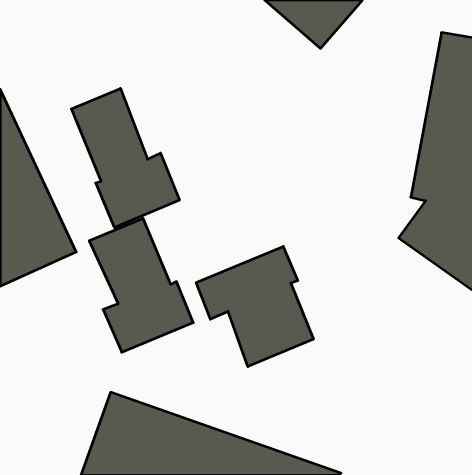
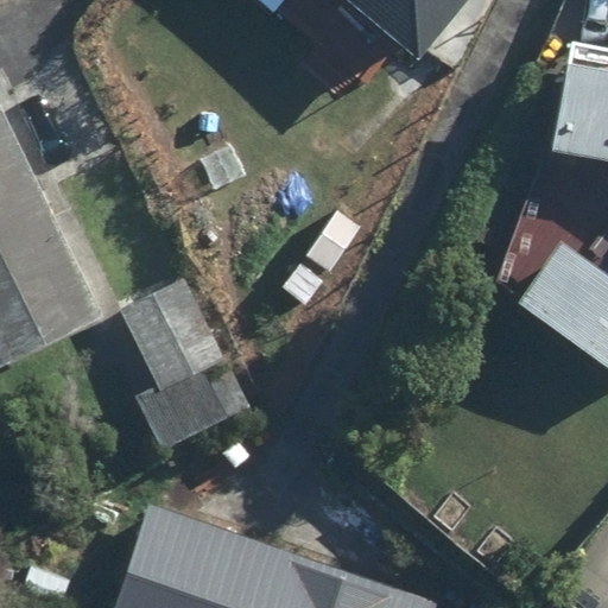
building: [71,88,179,227] -> none
building: [196,246,313,367] -> none

